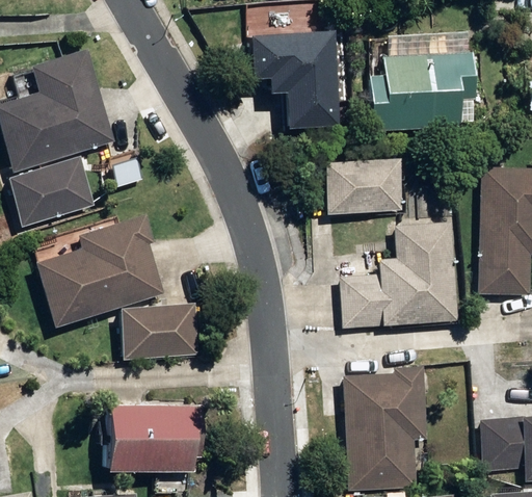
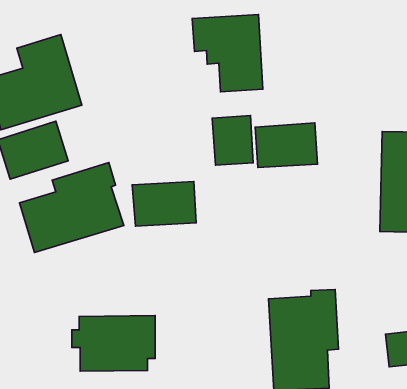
building: [366,55,477,133] -> none
building: none -> [212,116,253,165]
building: [340,225,459,331] -> none
building: [119,298,198,354] -> [132,182,196,226]

